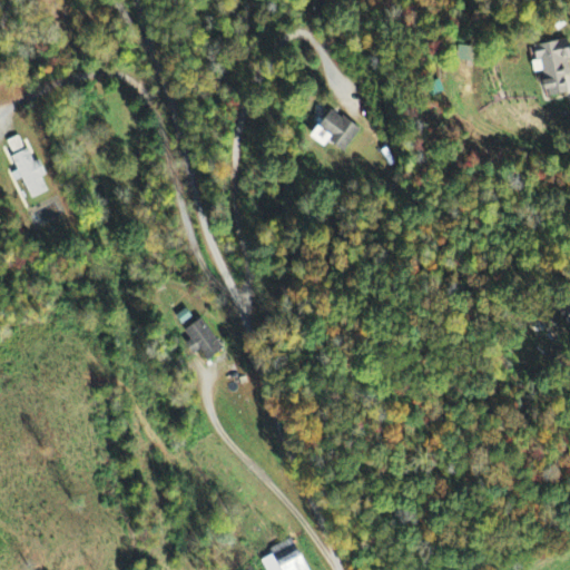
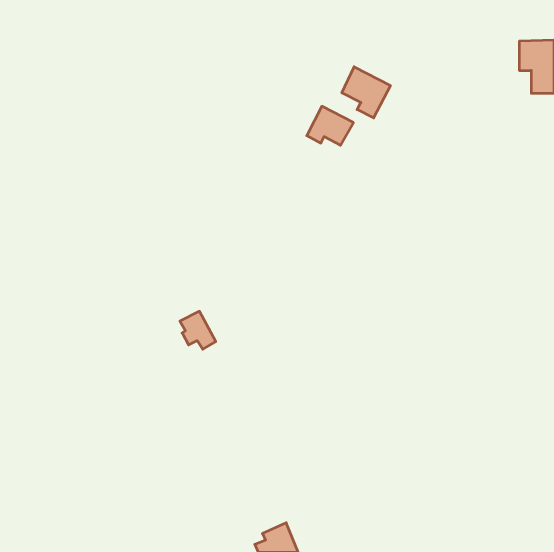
building: none -> [342,67,390,118]
building: [6,135,50,198] -> none

